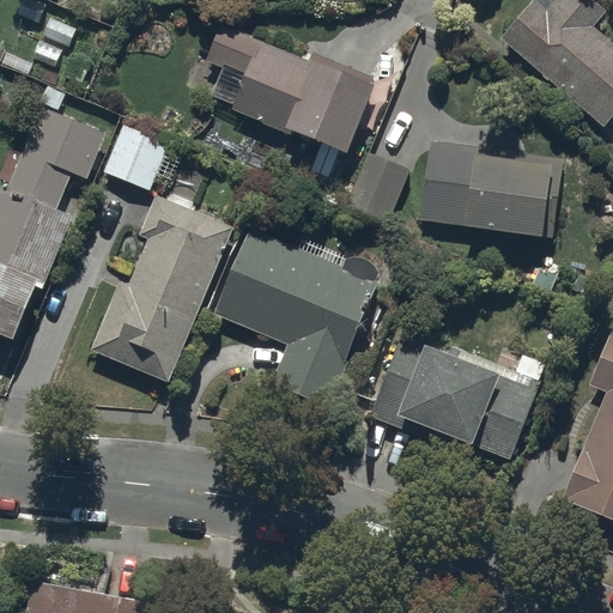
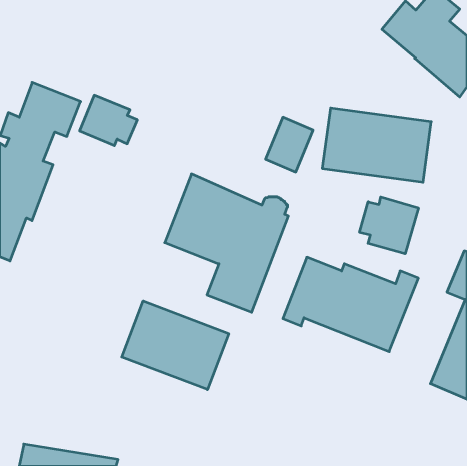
building: [205,24,374,154] -> none
building: [91,196,233,384] -> none
building: none -> [360,197,418,254]
building: none -> [122,301,229,390]

